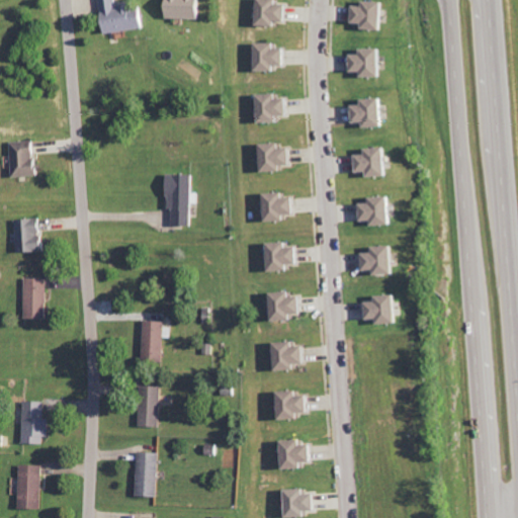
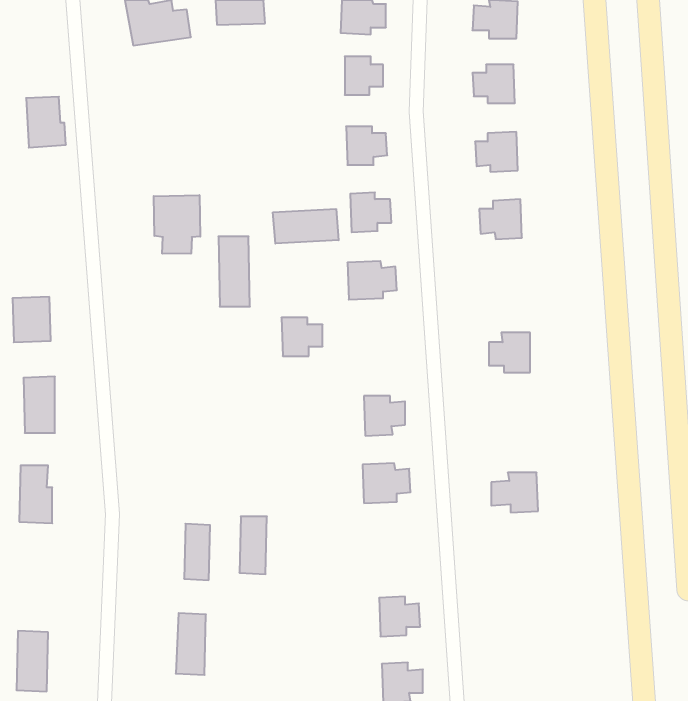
building: [4,141,33,178] -> [26,97,66,148]
building: none -> [154,195,200,254]
building: none -> [273,209,339,244]
building: [357,196,388,226] -> none
building: [265,243,295,271] -> [281,318,323,356]
building: [360,295,395,325] -> [491,473,538,512]
building: [137,322,157,364] -> [239,516,267,574]
building: [277,391,307,420] -> none
building: [16,403,40,445] -> [19,465,52,523]

